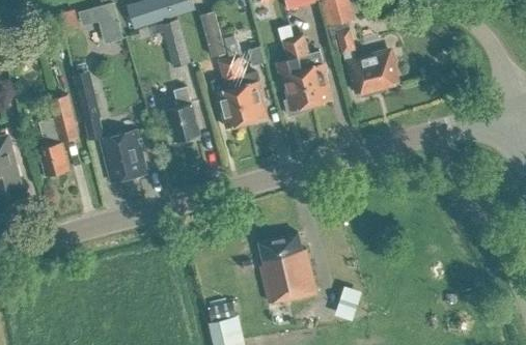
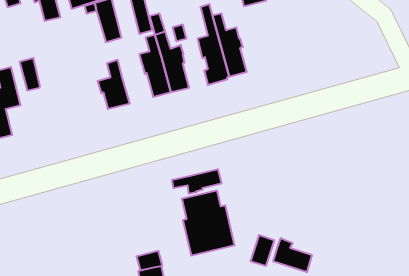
building: [337,29,398,93] -> none
building: [100,131,146,182] -> none
building: none -> [172,169,221,194]
building: none -> [273,238,312,272]

